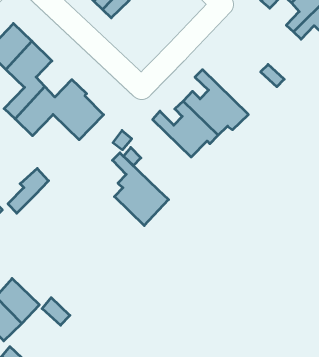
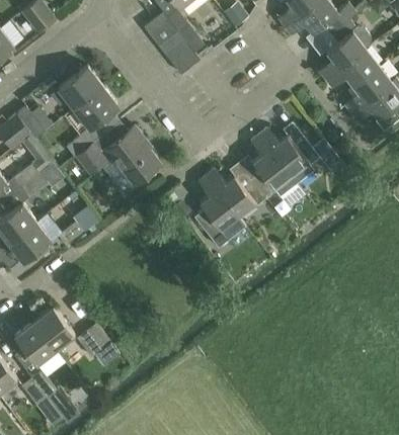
building: none -> [259,123,319,185]
building: [112,153,169,226] -> [194,177,245,249]

